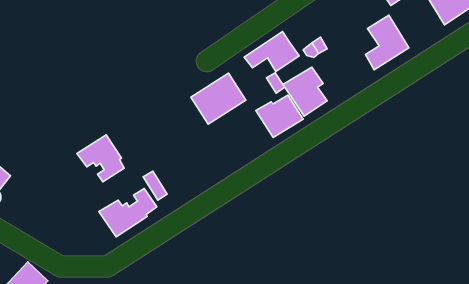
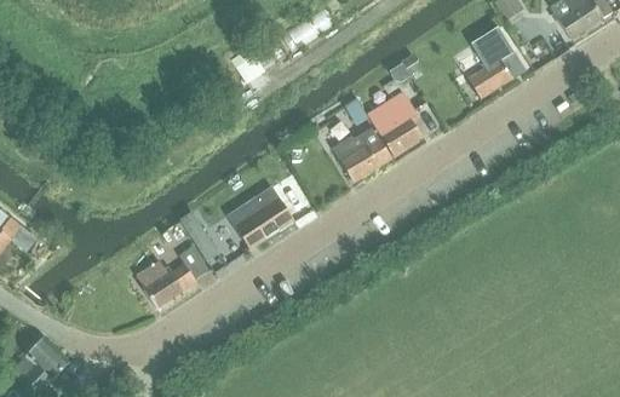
building: [244,32,299,71] -> none
building: [191,73,246,124] -> [226,186,295,251]
building: [77,135,124,182] -> none

